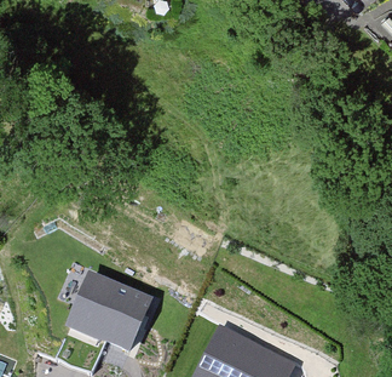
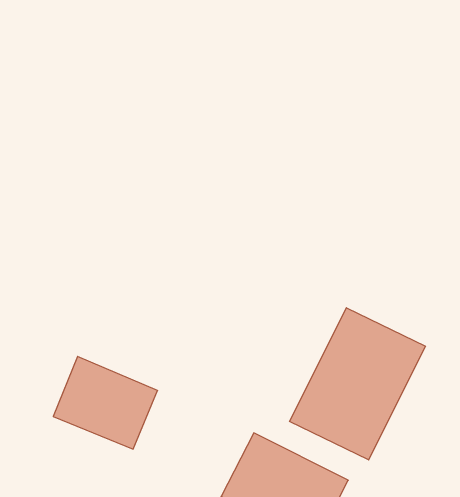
building: none -> [290,308,425,460]

